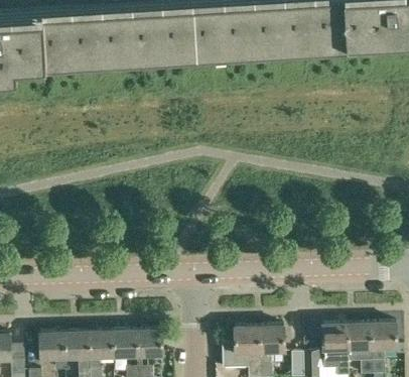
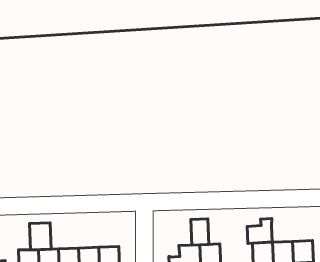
building: none -> [247,218,272,243]
building: none -> [191,219,209,245]
building: none -> [30,223,51,250]

